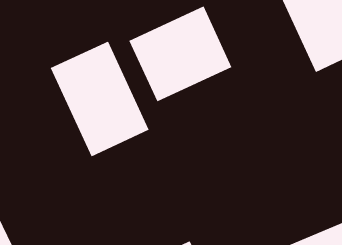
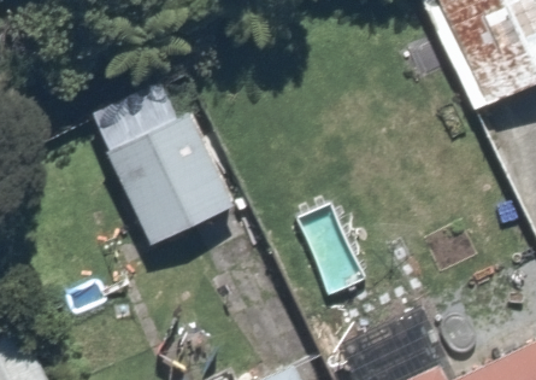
building: [129,6,232,102] -> none

